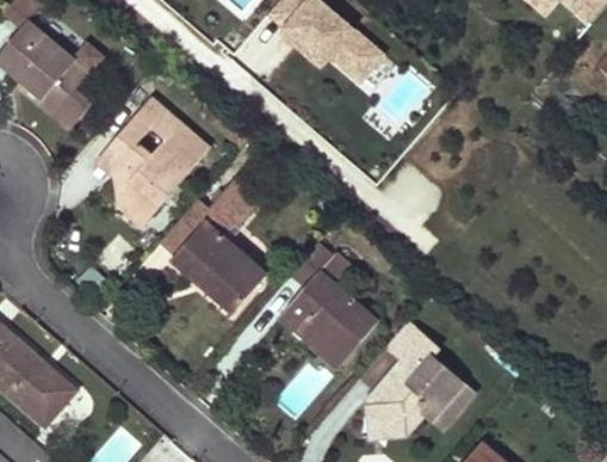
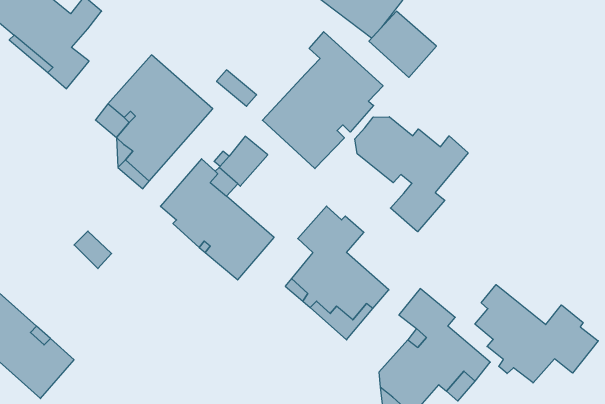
building: none -> [262,32,383,169]
building: none -> [355,117,468,232]
building: none -> [475,285,598,383]

